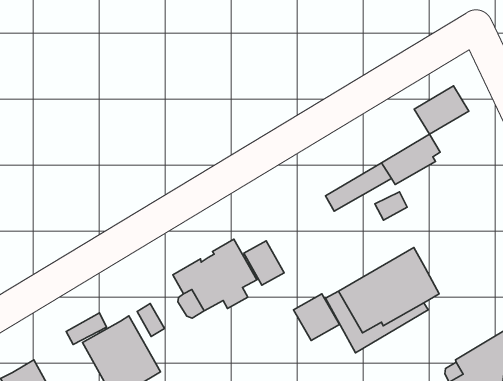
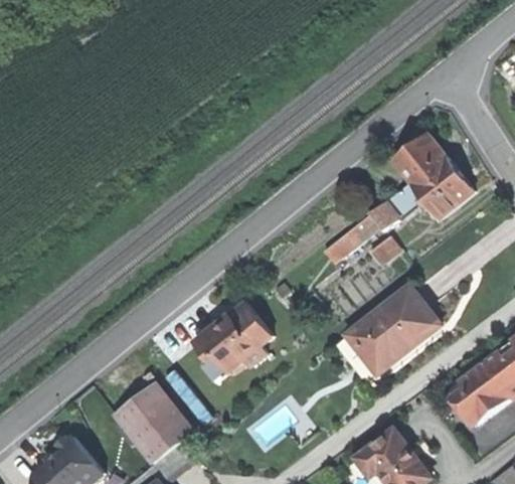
building: none -> [410,153,473,216]
building: [244,241,284,285] -> none
building: [293,294,339,340] -> none

